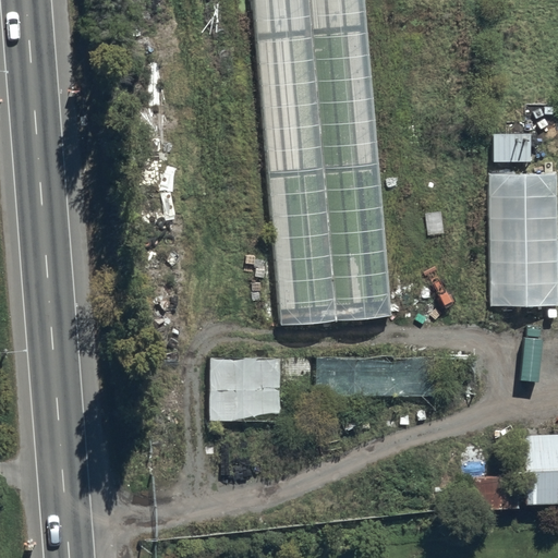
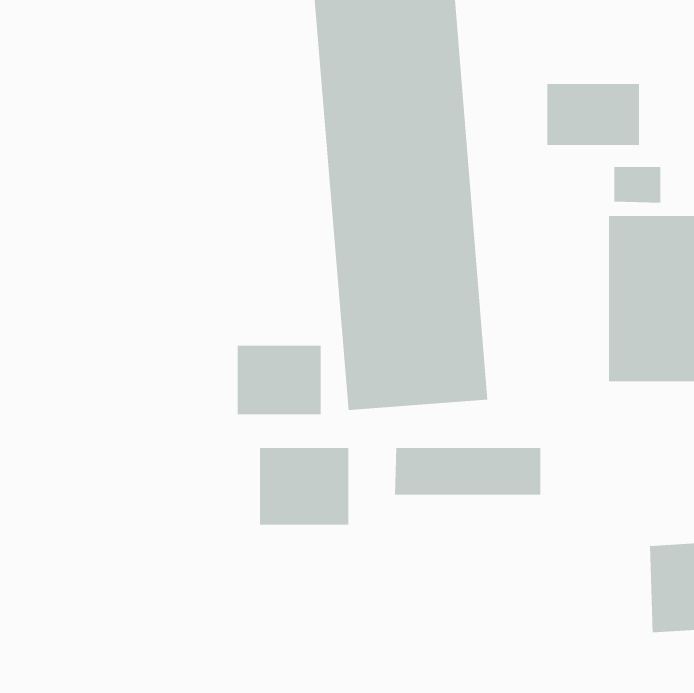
building: none -> [547,83,639,146]
building: none -> [237,345,321,415]

